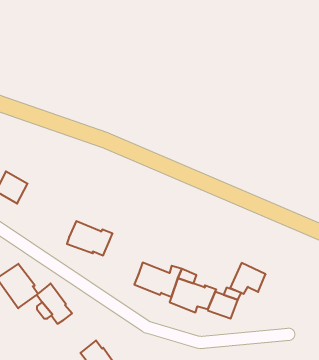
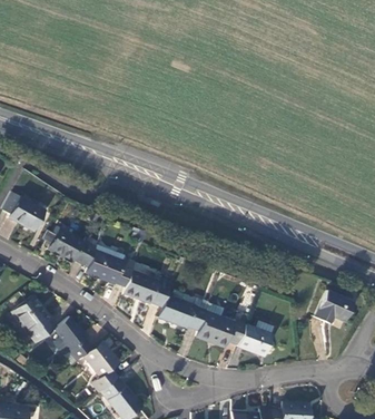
building: none -> [47,228,99,266]
building: none -> [122,271,172,306]
building: [230,263,266,294] -> [315,290,353,323]
building: none -> [83,341,119,392]

